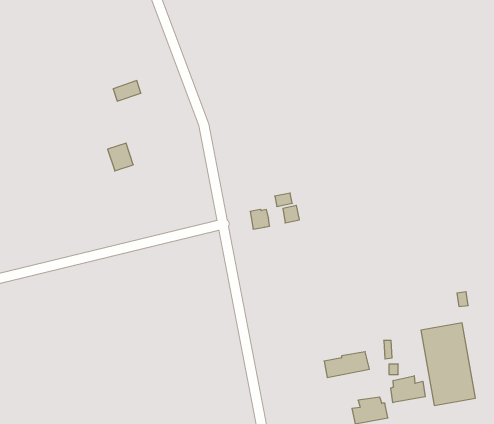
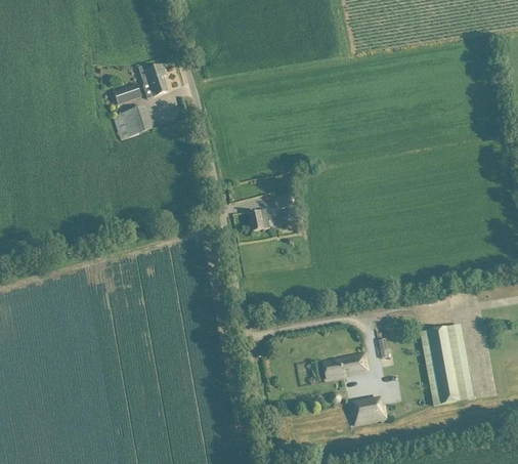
building: none -> [138,64,168,95]
building: [108,143,133,171] -> [114,110,139,137]
building: [391,376,425,403] -> none

